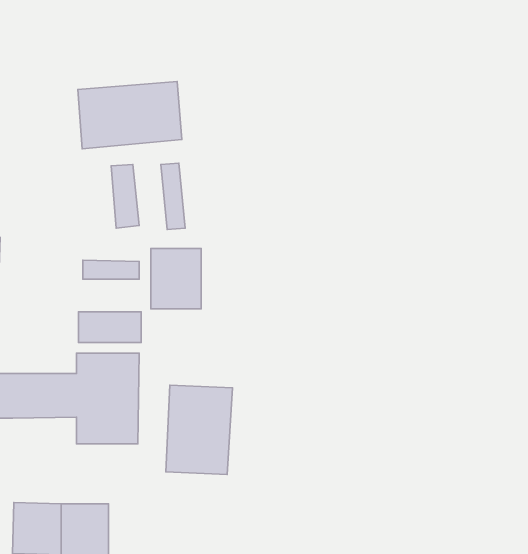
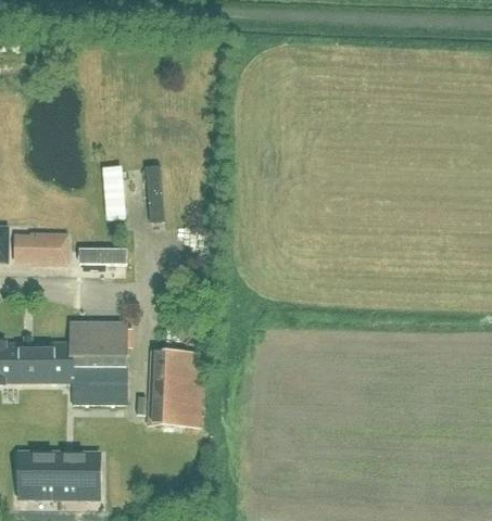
building: [78,82,182,149] -> none
building: [151,248,201,309] -> none
building: [79,312,141,342] -> [14,239,67,265]

